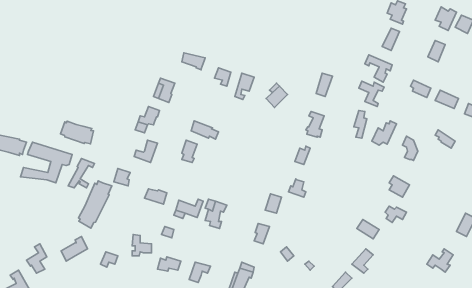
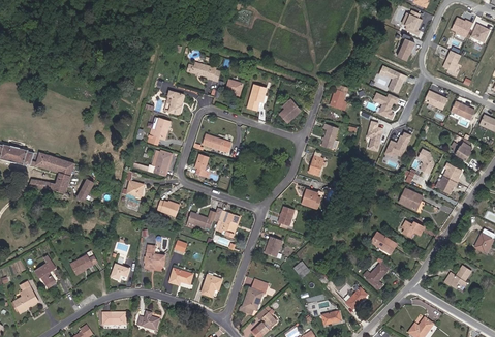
building: [60,121,94,144] -> none
building: none -> [435,163,462,194]
building: [78,181,112,228] -> none

